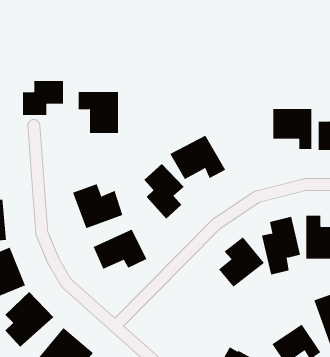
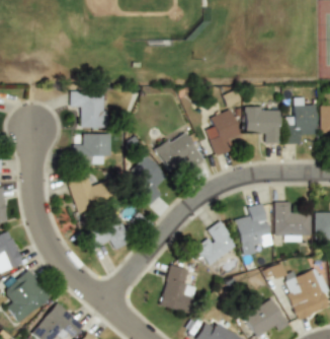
building: [22,80,64,116] -> [73,134,110,165]
building: none -> [205,109,240,156]
building: none -> [158,265,193,312]

